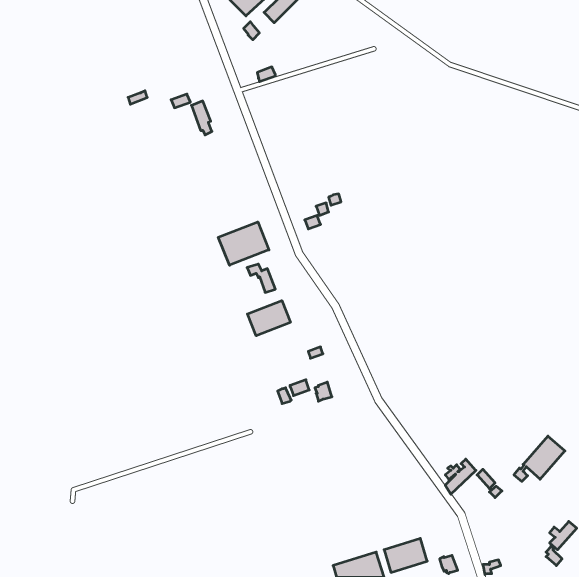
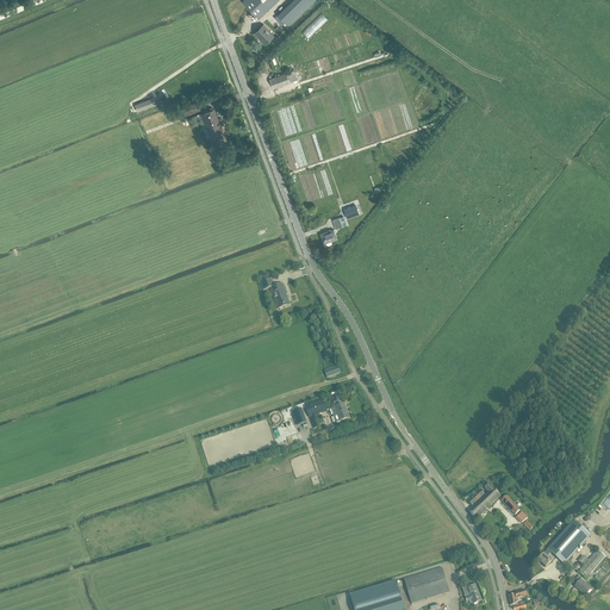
building: [218,222,269,265] -> none
building: [247,301,290,336] -> none
building: [514,436,565,481] -> [537,518,591,566]

